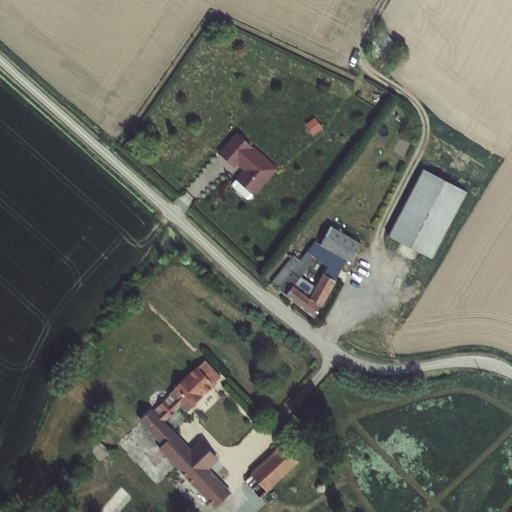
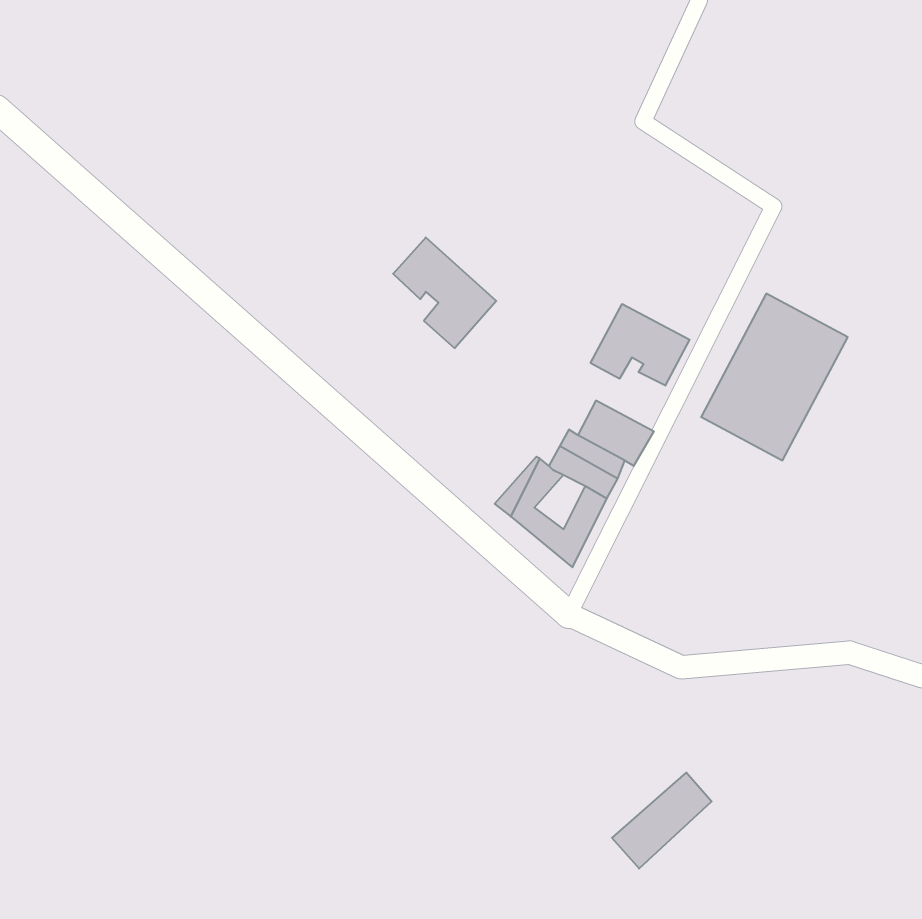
building: none -> [591,304,690,386]
building: [138,359,231,507] -> none
building: [246,444,301,497] -> [612,773,712,869]

